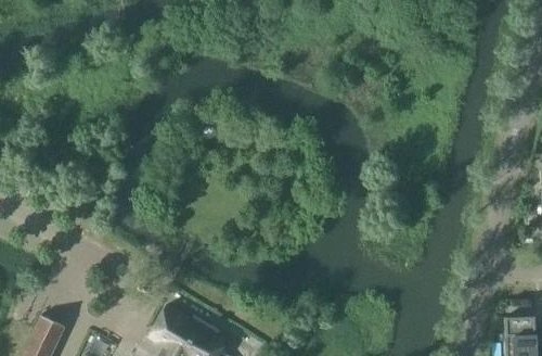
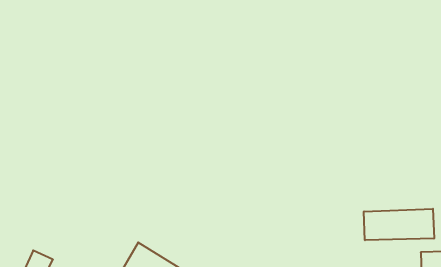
building: none -> [364,209,434,240]

